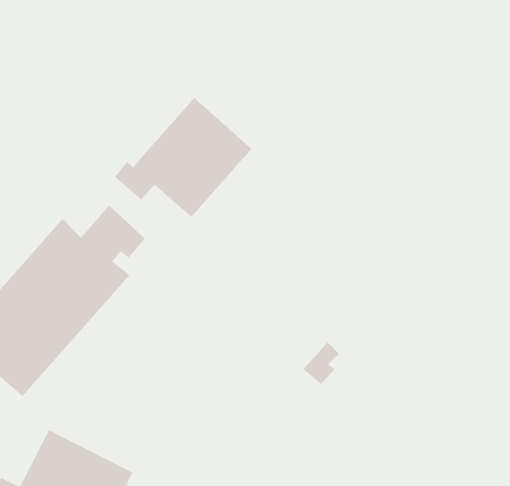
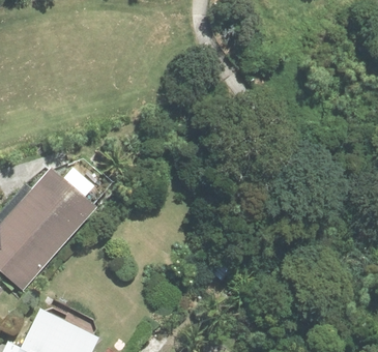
building: [114,97,252,218] -> none

